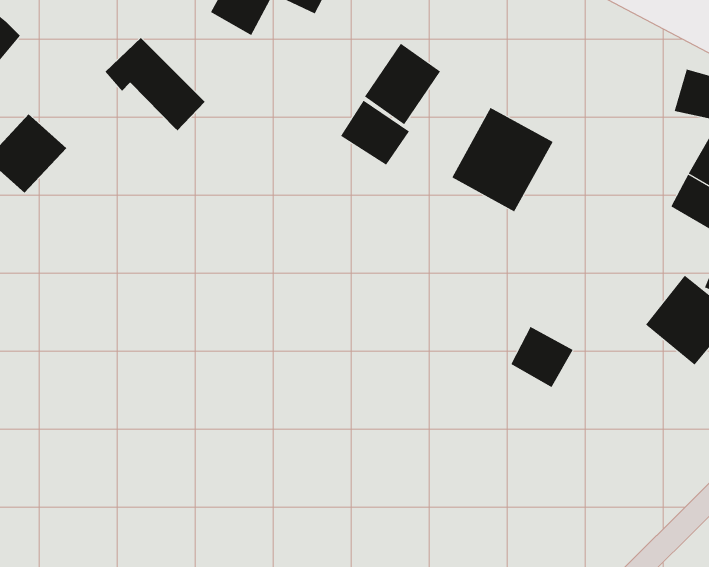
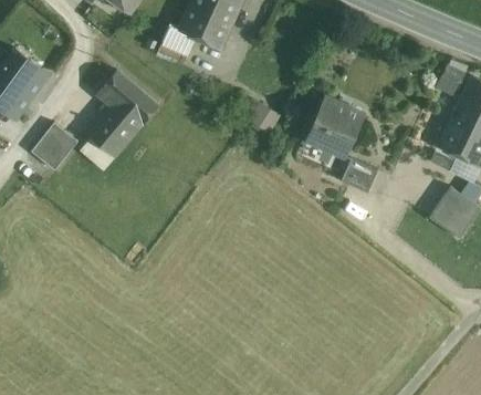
building: [364,43,441,125] -> none
building: none -> [84,98,142,157]
building: [510,326,573,388] -> [341,159,377,195]

